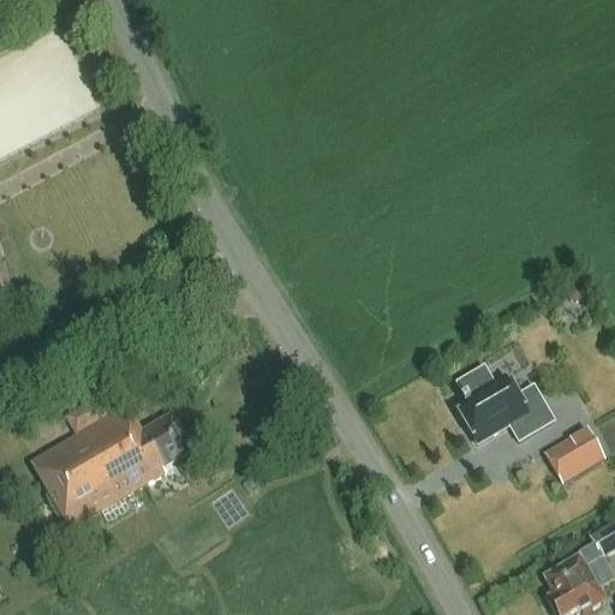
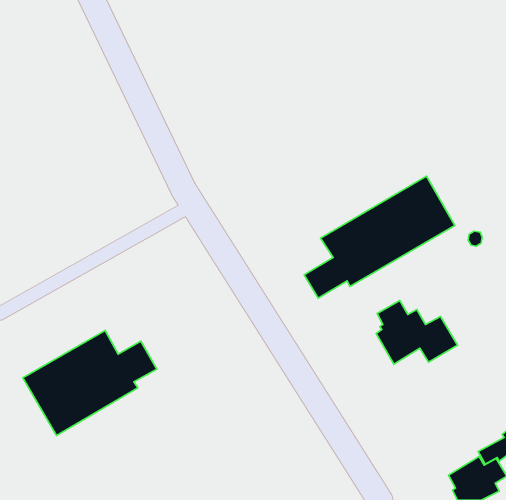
building: none -> [304,176,455,298]
building: [544,424,605,482] -> none

